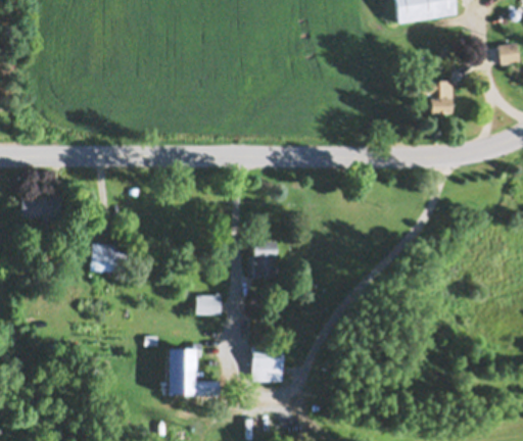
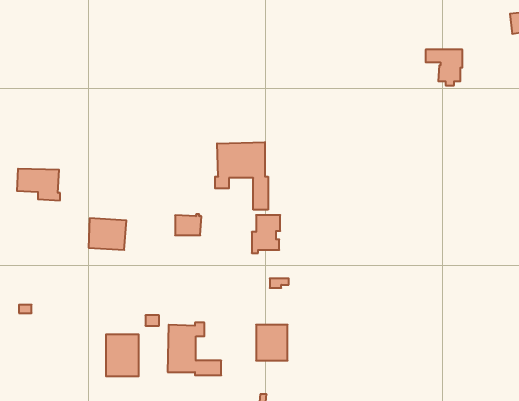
building: none -> [215,142,268,210]
building: [197,295,223,315] -> [175,214,201,235]
building: none -> [106,334,139,376]

